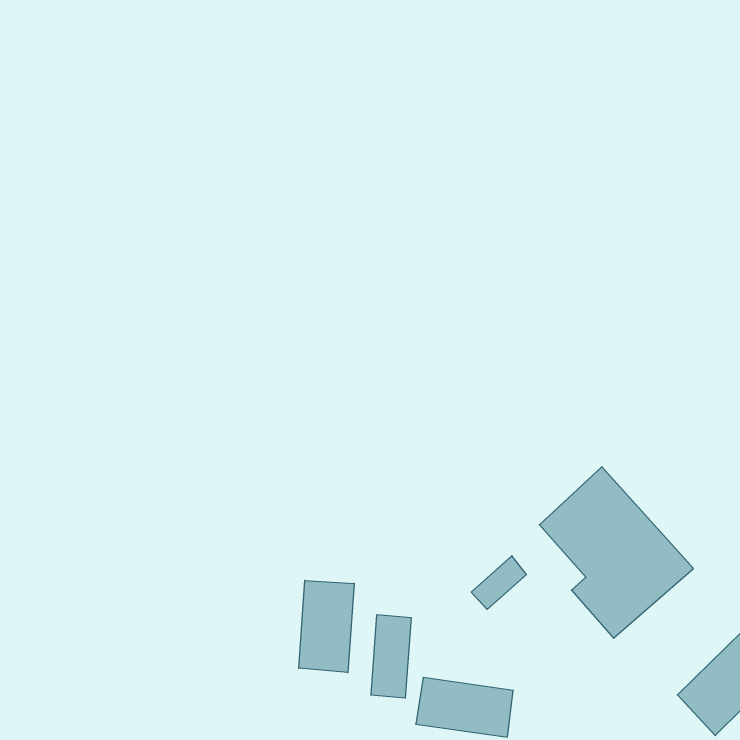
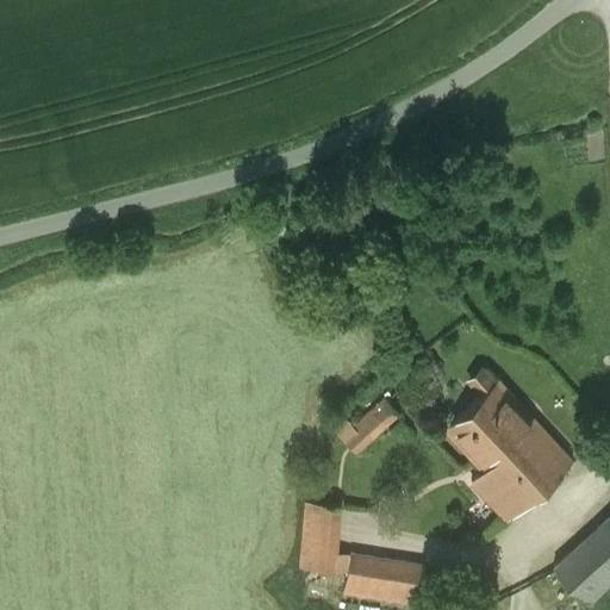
building: [471,556,526,609] -> [355,398,400,442]
building: [299,580,354,673] -> none

